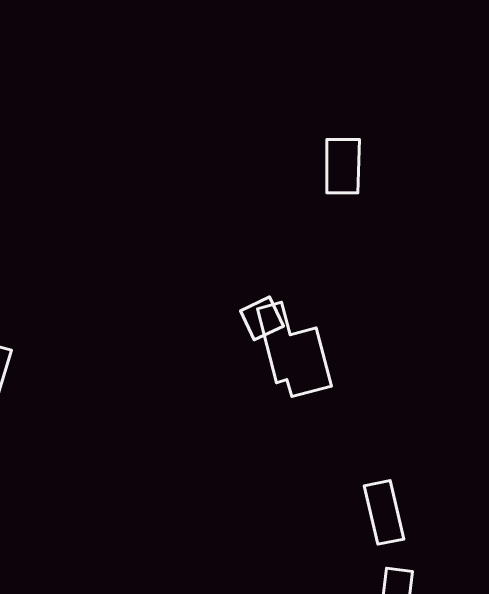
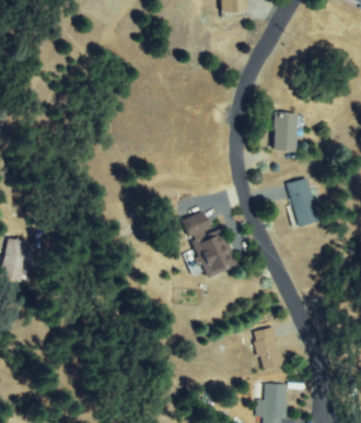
building: [327,140,359,193] -> [277,114,298,148]
building: none -> [289,179,317,225]

